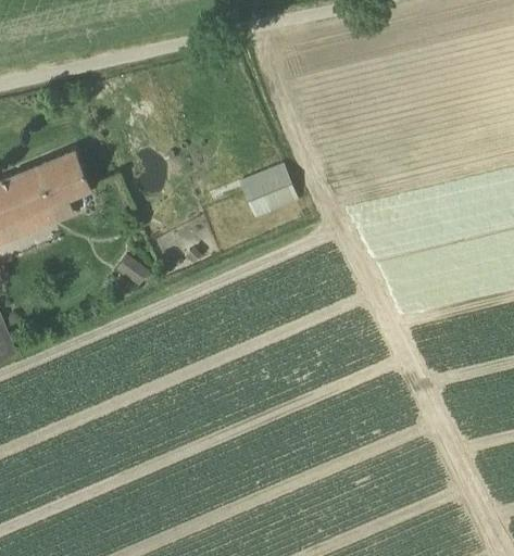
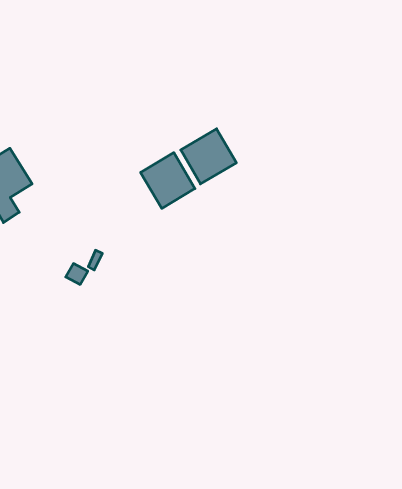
building: none -> [141,153,195,208]

